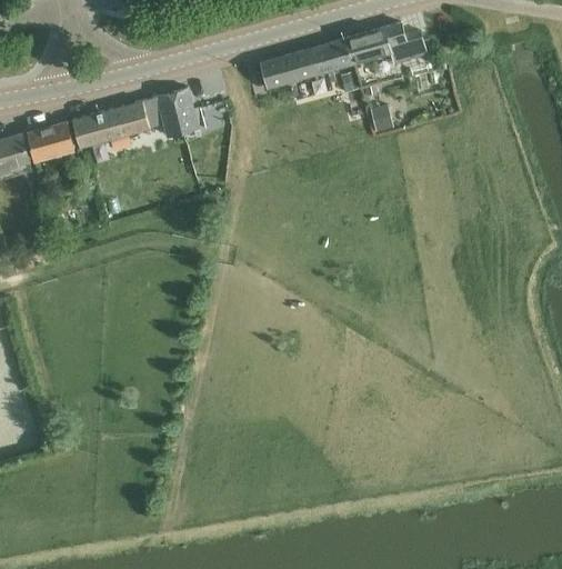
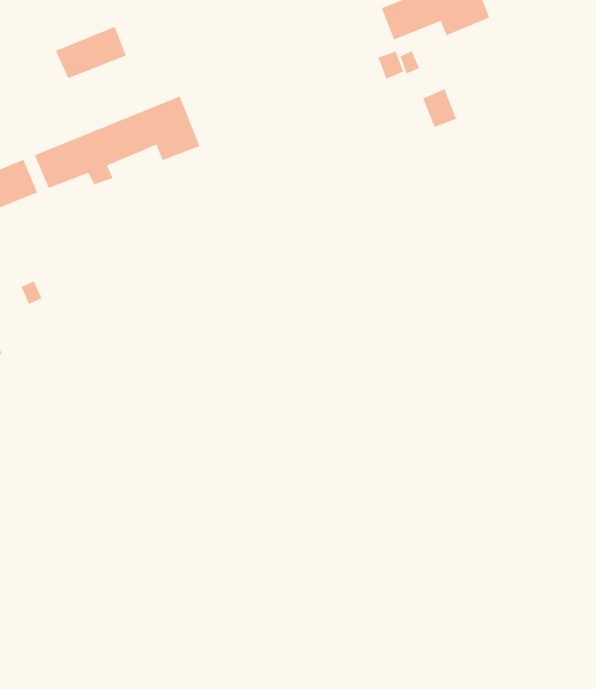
building: none -> [55,26,127,79]
building: [262,39,352,88] -> none

